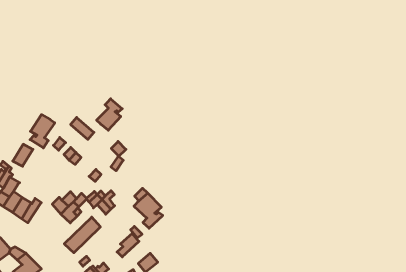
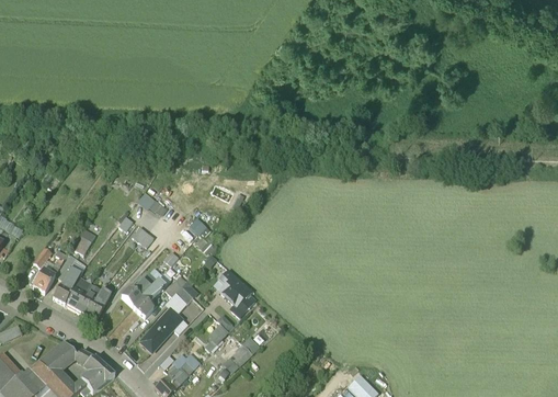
building: [97,99,122,130] -> none
building: [30,115,55,148] -> none

